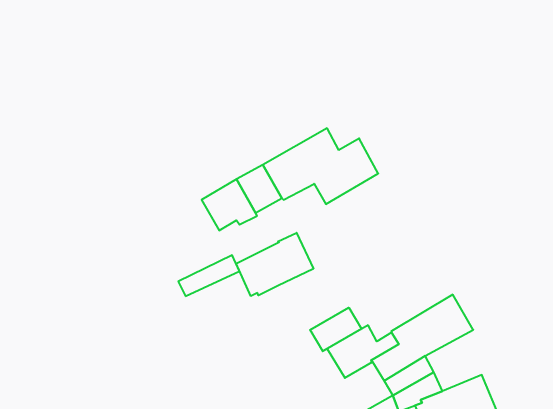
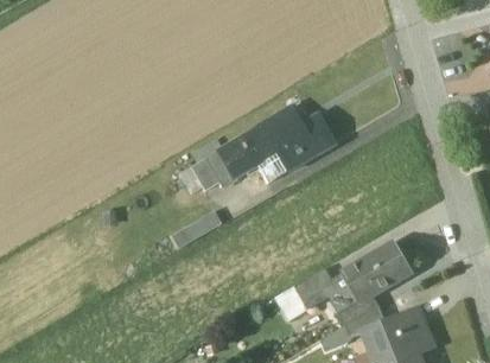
building: [236,233,313,296] -> none
building: [310,308,361,351] -> none

